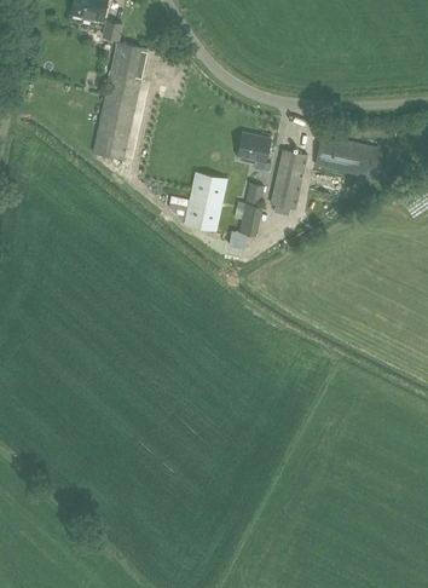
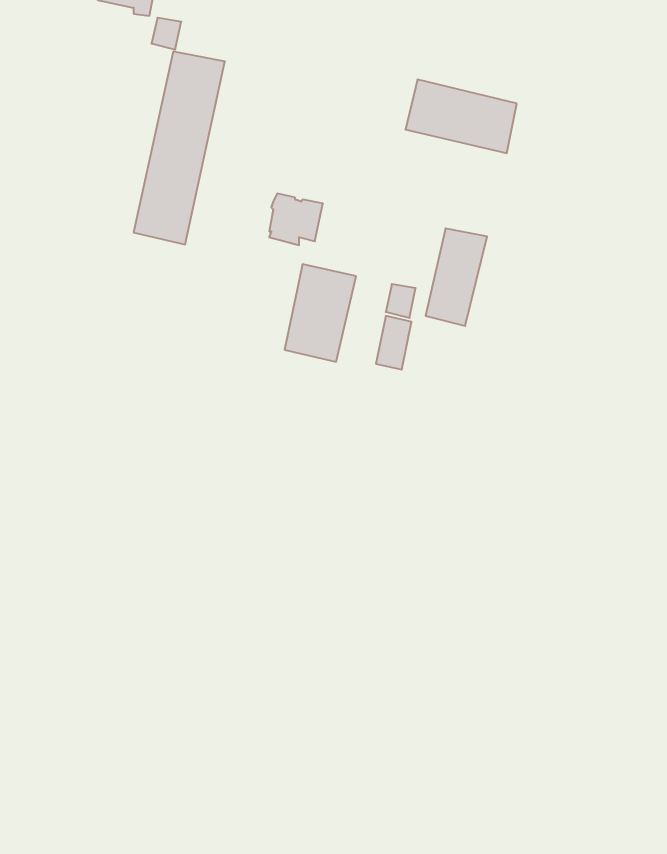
building: [237,133,270,165] -> [269,194,323,245]
building: [314,134,382,179] -> [405,80,517,153]

